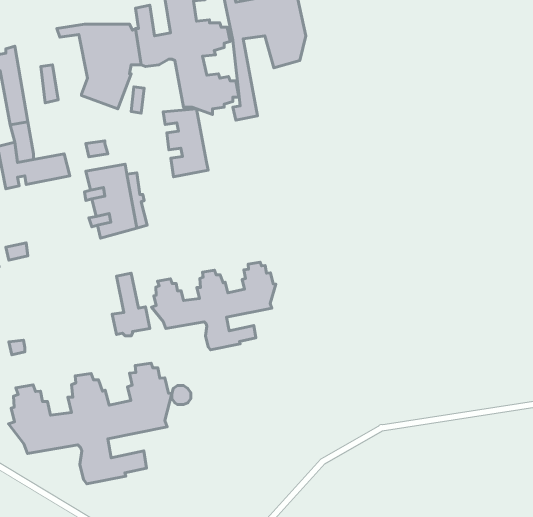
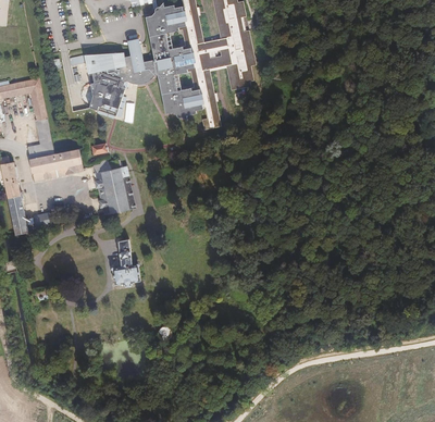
building: [163,109,208,177] -> none
building: [152,262,276,350] -> none
building: [9,363,172,484] -> none

